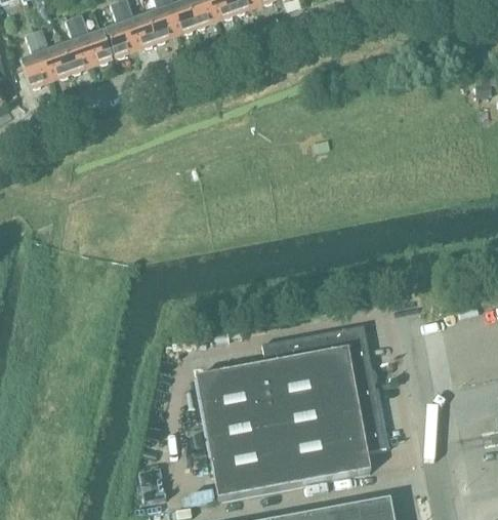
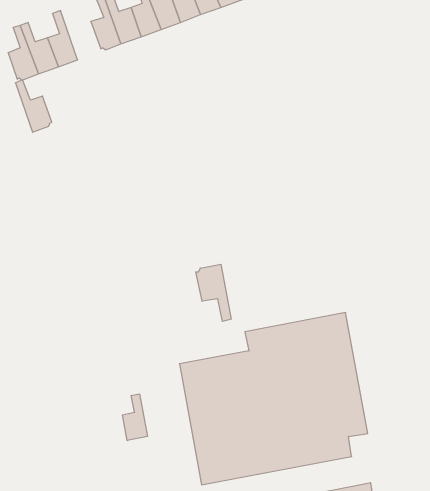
building: [75,12,112,66] -> [15,80,52,132]
building: none -> [196,264,231,321]
building: none -> [122,394,147,441]

